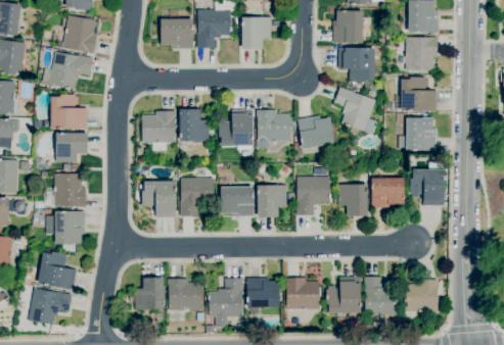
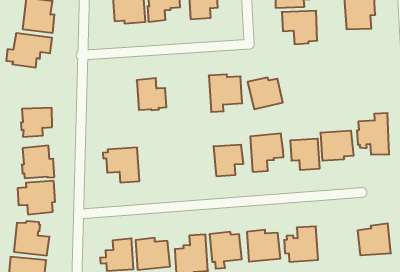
building: [401,77,437,111] -> none
building: [334,86,375,131] -> none
building: [51,94,87,128] -> none
building: [218,109,253,149] -> none
building: [142,110,176,150] -> none
building: [399,116,436,151] -> none
building: [180,178,216,216] -> none
building: [221,186,254,215] -> none
building: [364,276,399,315] -> none

